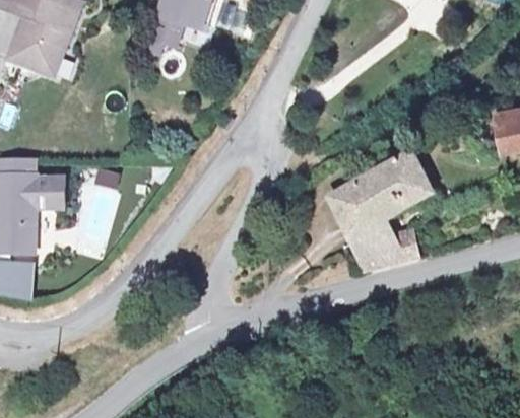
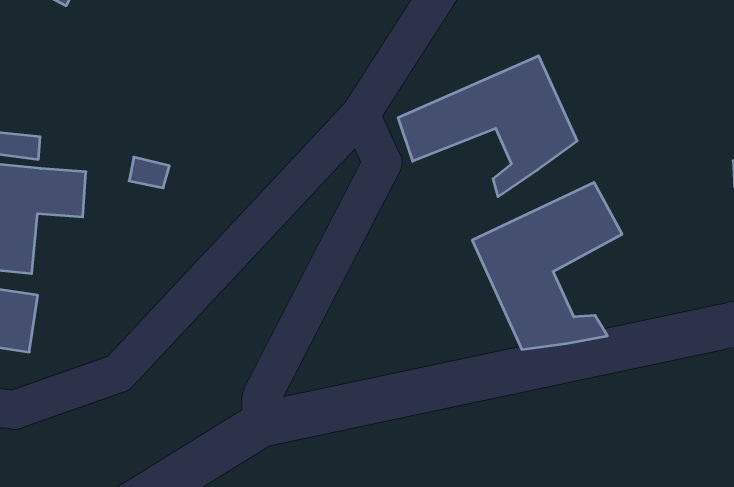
building: none -> [398,56,577,197]

